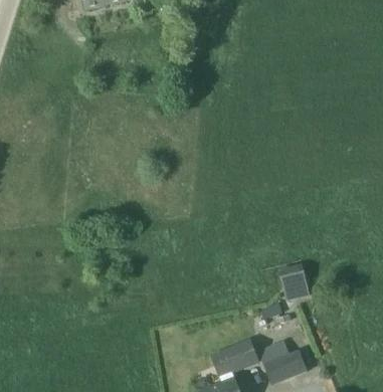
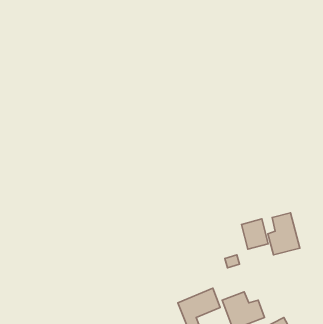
building: none -> [268,213,300,255]

